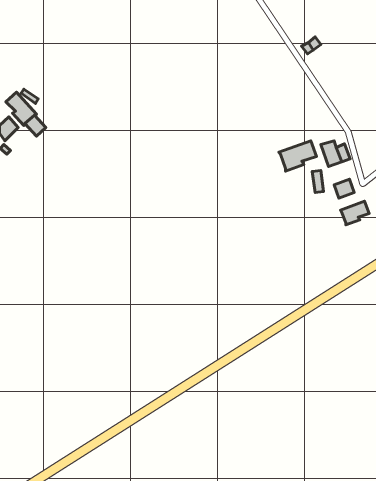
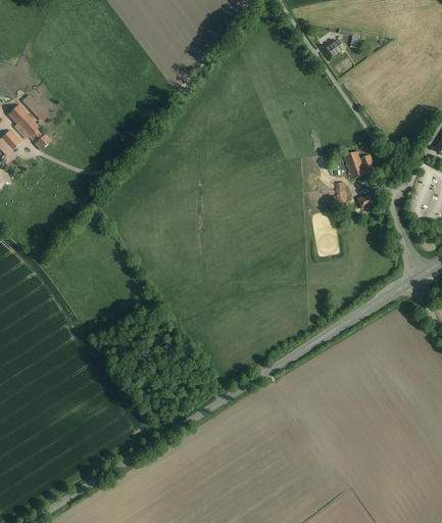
building: [279,141,317,171] -> none
building: [340,201,369,225] -> none

